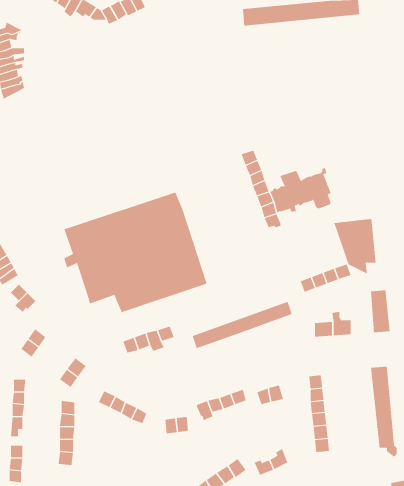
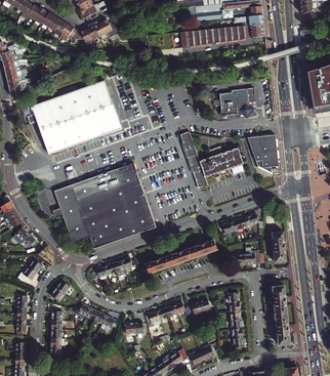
building: none -> [33,83,121,154]
building: none -> [220,87,256,117]
building: [333,218,377,275] -> [247,133,278,173]

